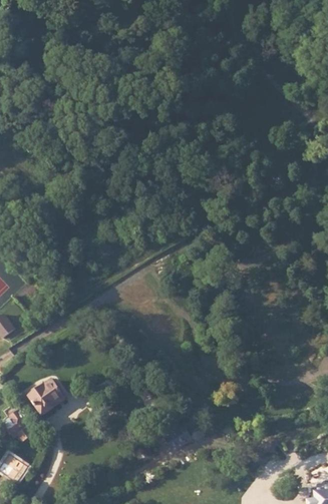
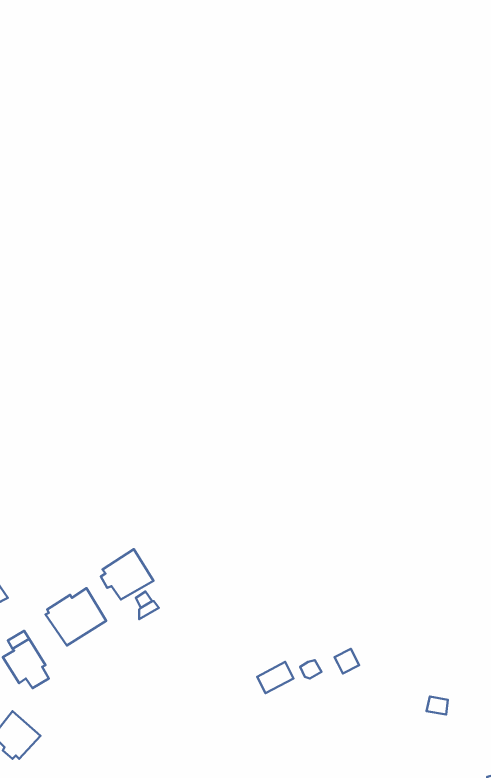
building: none -> [101,549,154,599]

